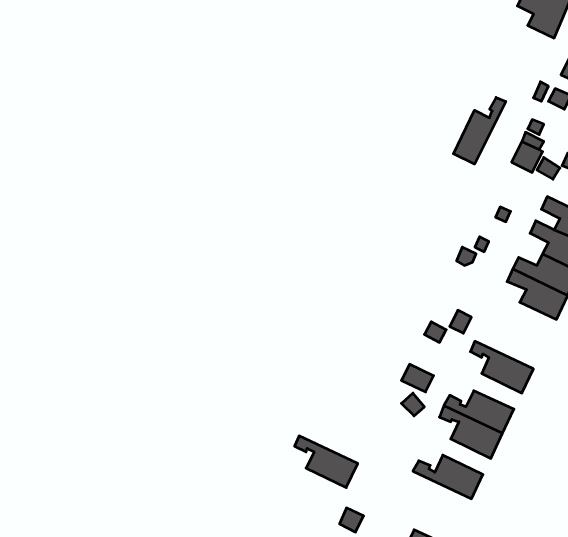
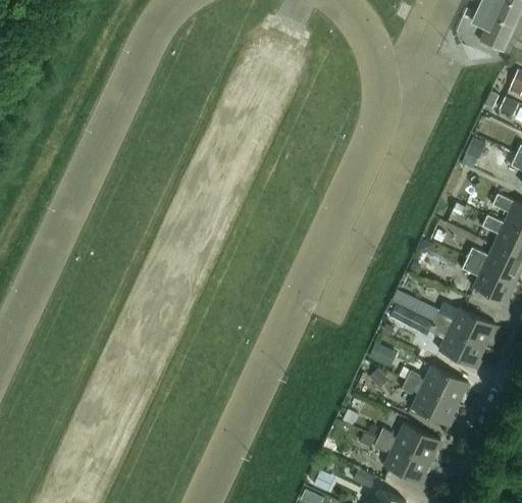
building: [453,97,506,164] -> none
building: none -> [433,308,495,347]
building: [295,436,358,488] -> [374,438,430,484]

